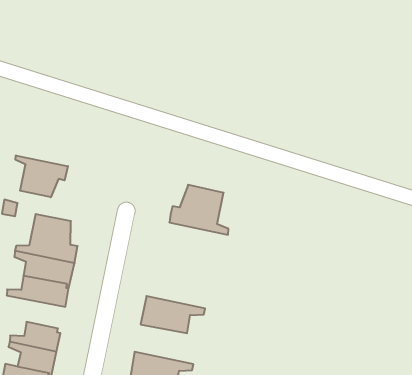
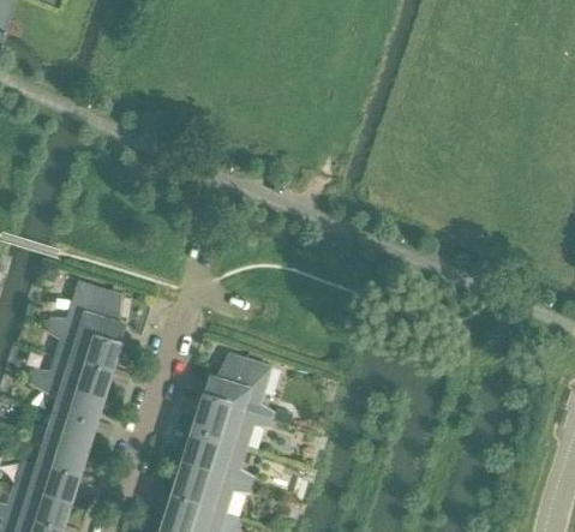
building: [15,155,68,197] -> none
building: [169,185,228,235] -> [203,353,274,419]
building: none -> [31,377,103,430]
building: none -> [181,430,253,485]

